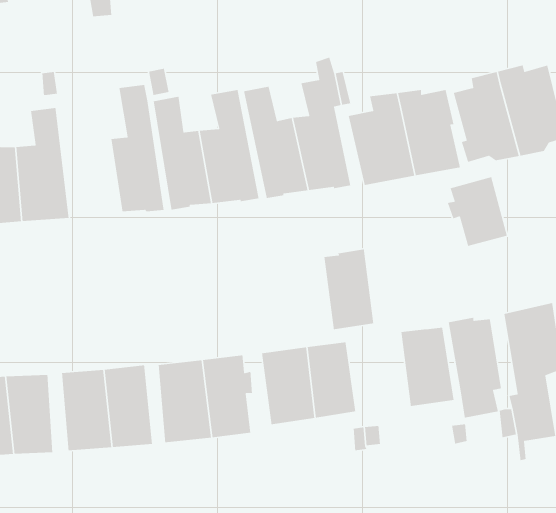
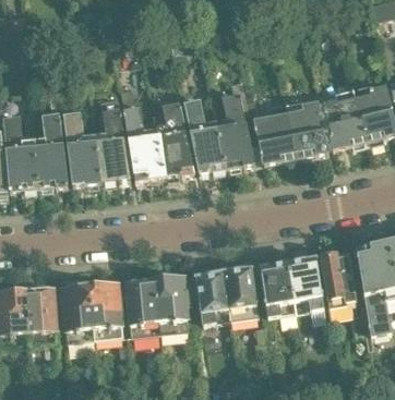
building: none -> [62,109,101,185]
building: [447,176,508,247] -> none
building: [323,248,374,330] -> [260,260,294,315]

